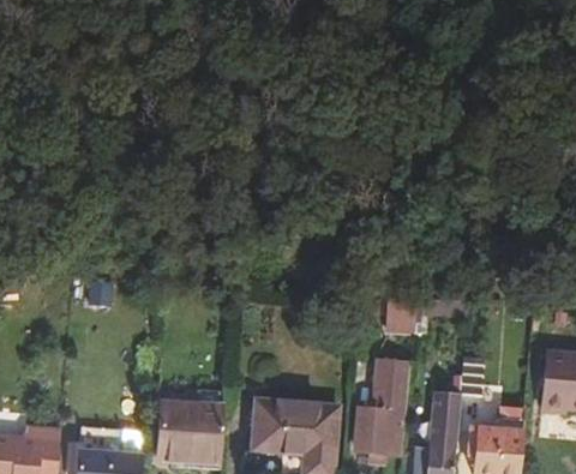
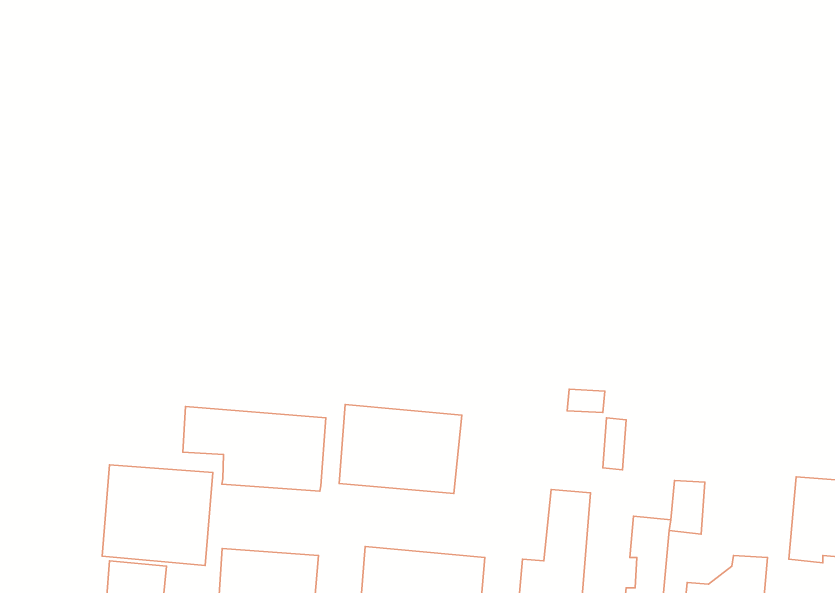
building: none -> [339,405,462,494]
building: none -> [183,407,326,491]
building: none -> [102,465,213,565]

